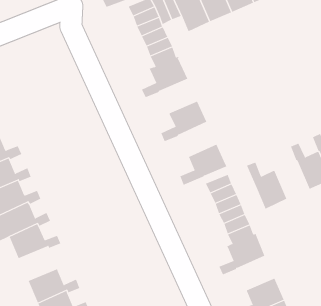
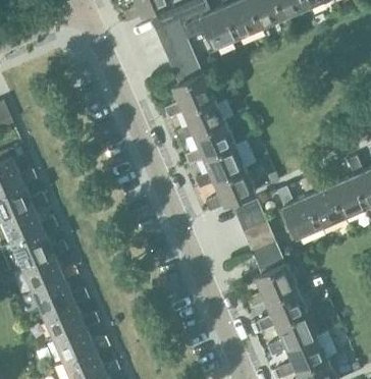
building: none -> [174,99,224,143]
building: none -> [195,145,245,190]
building: none -> [300,177,343,227]
building: none -> [33,278,89,315]
building: none -> [257,288,307,332]

